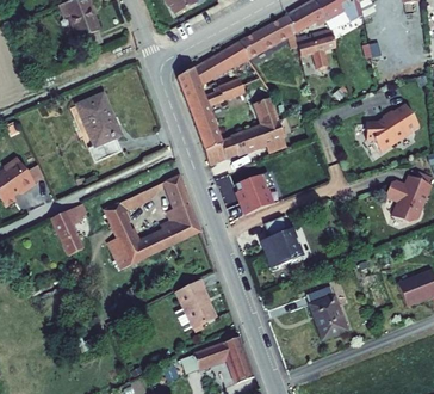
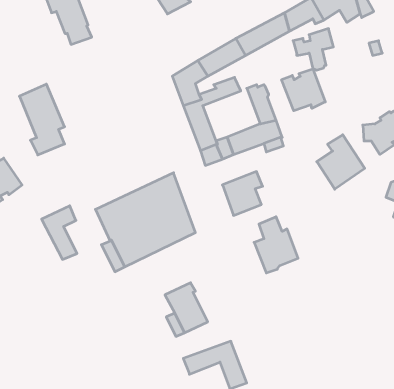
building: none -> [282,69,325,111]
building: [75,96,119,165] -> [19,84,65,155]
building: none -> [317,135,365,189]
building: [309,285,348,339] -> none

